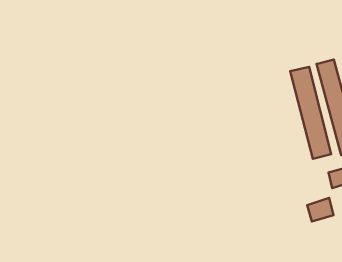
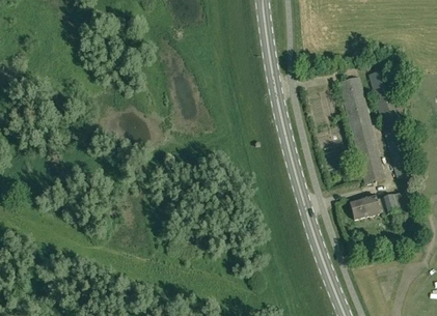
building: [307,198,334,222] -> [349,193,379,220]

